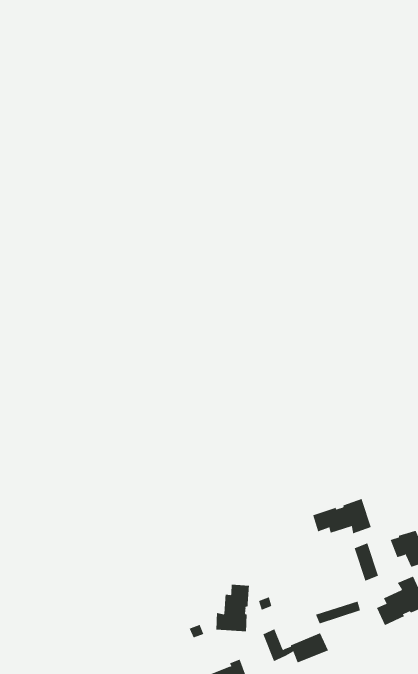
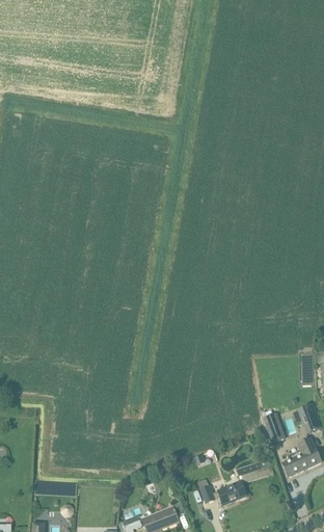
building: [312,498,372,534] -> none
building: [216,584,249,632] -> none

